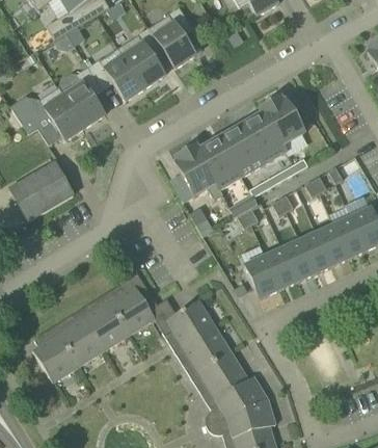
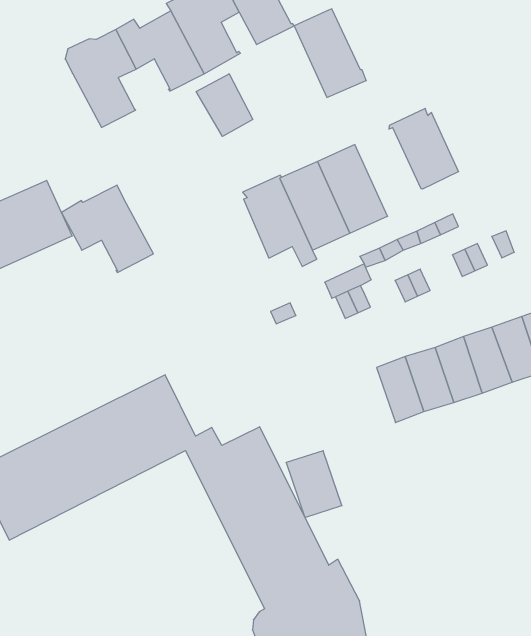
building: none -> [196,74,253,136]
building: [26,87,84,140] -> [61,185,153,273]
building: [239,110,286,164] -> [294,9,366,97]
building: [243,257,279,298] -> [286,451,342,517]

